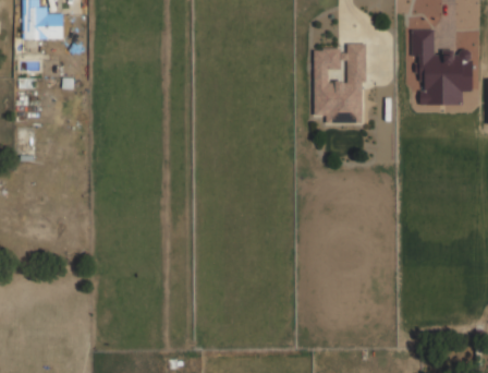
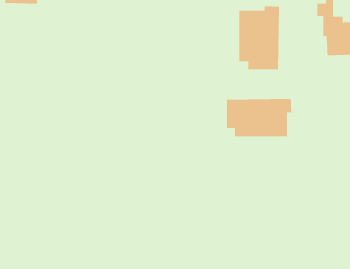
building: none -> [226,98,292,137]

